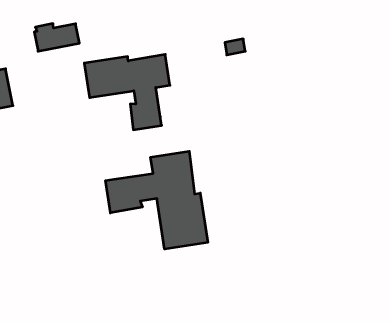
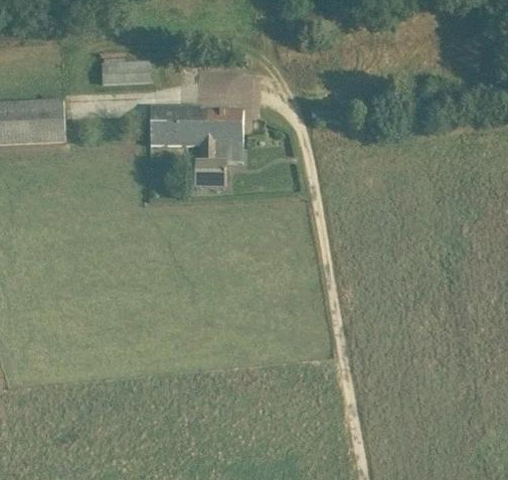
building: [106,151,208,249] -> none

